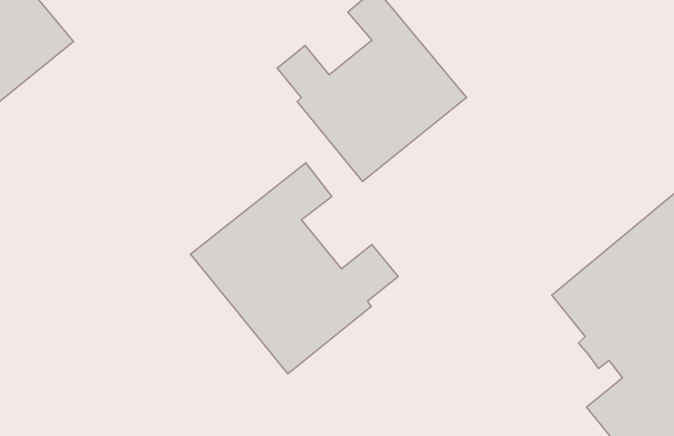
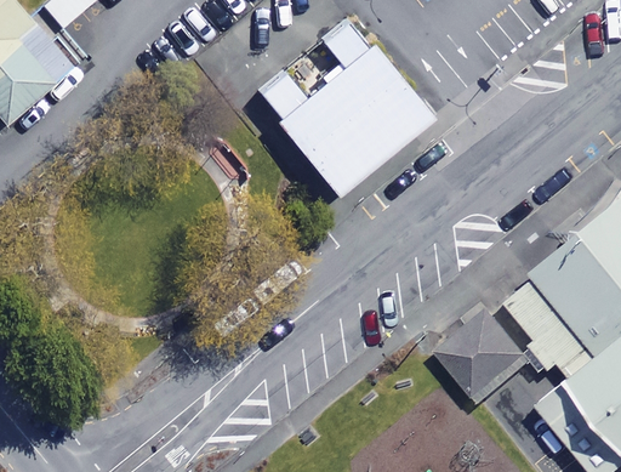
building: [191,163,398,374] -> none
building: none -> [438,303,535,399]

